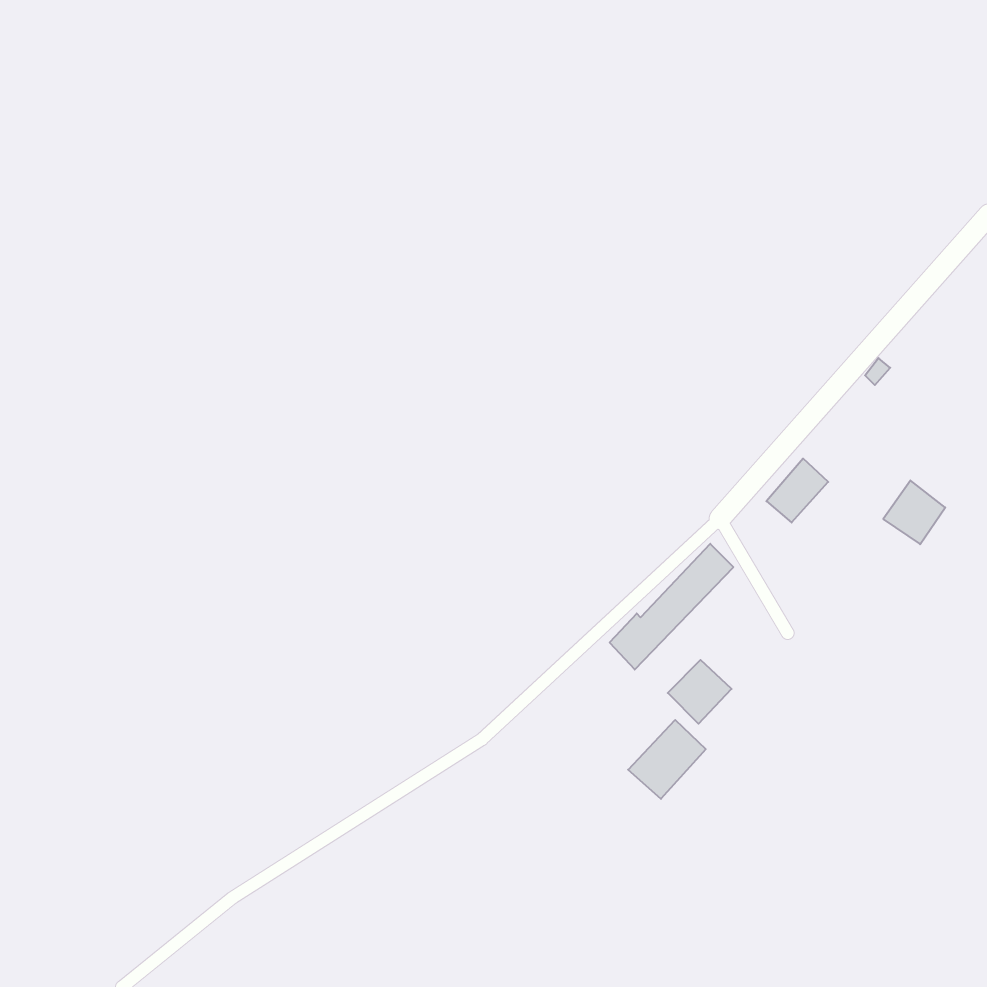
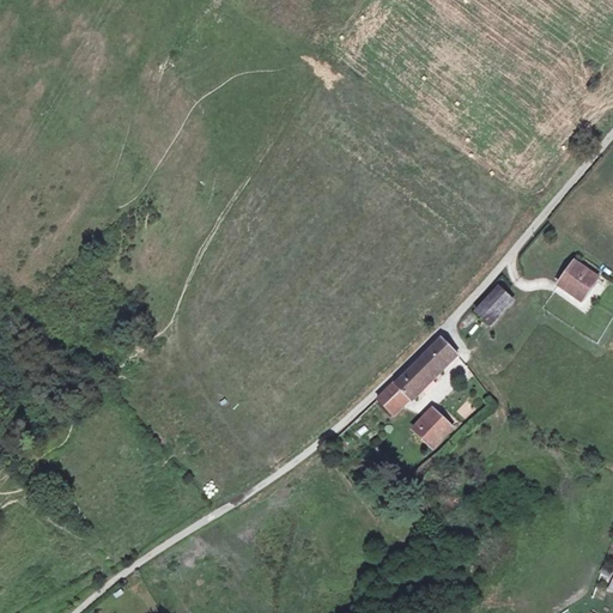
building: [883,480,945,544] -> [558,260,596,299]
building: [628,720,706,799] -> none

